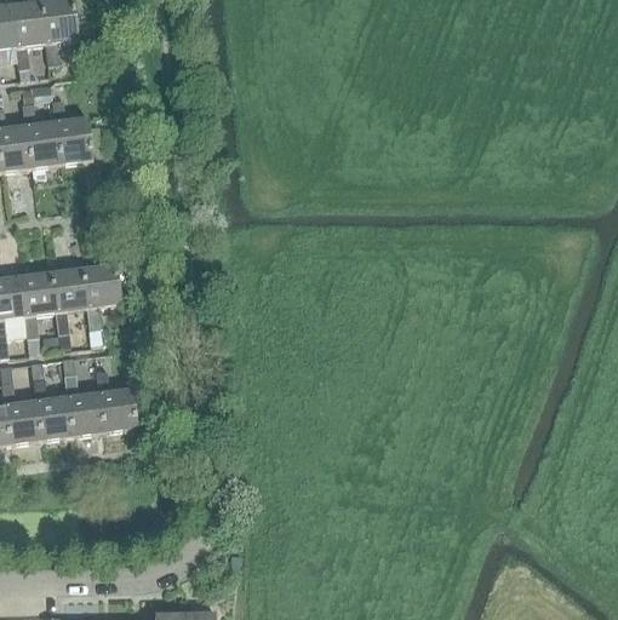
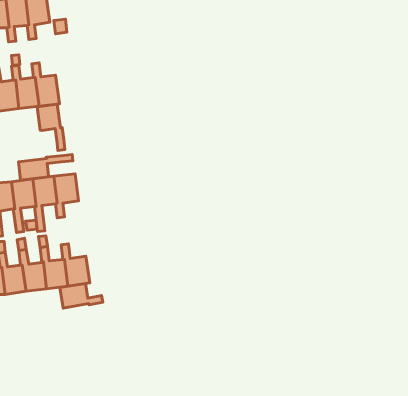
building: none -> [37,104,65,150]
building: none -> [18,155,73,180]
building: none -> [60,284,103,308]

